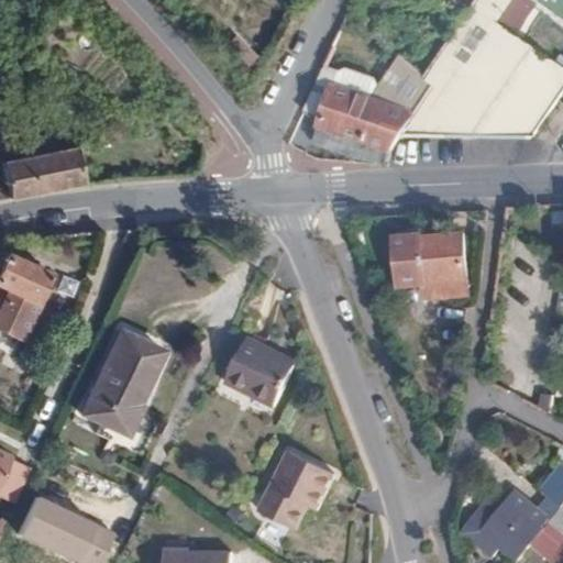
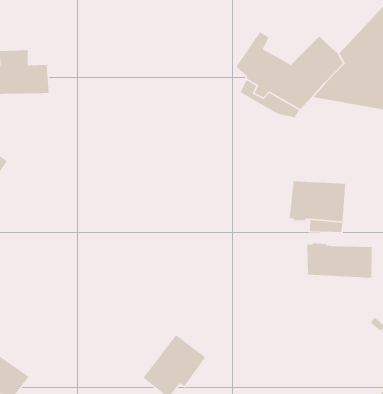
building: none -> [307,242,373,278]
building: [80,325,164,455] -> none
building: [221,329,295,400] -> none

